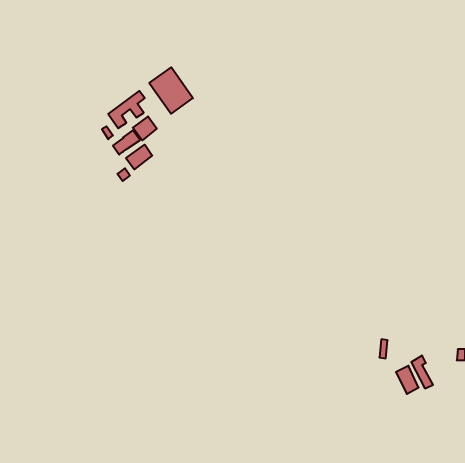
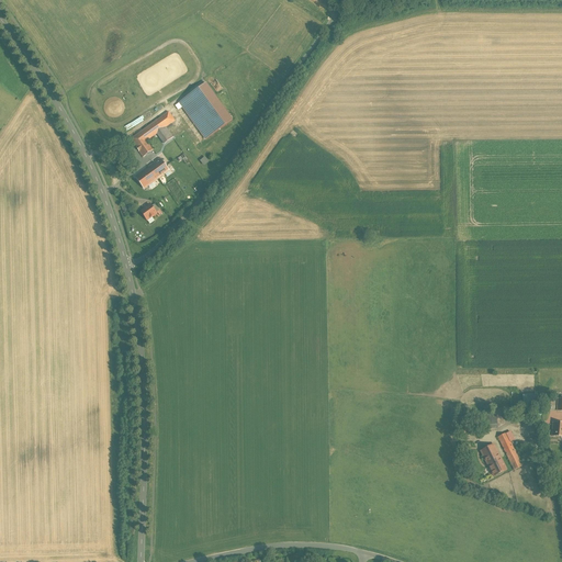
building: [133,116,157,140] -> none
building: [126,145,152,169] -> none

